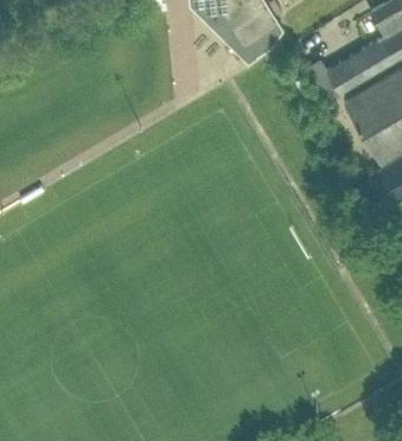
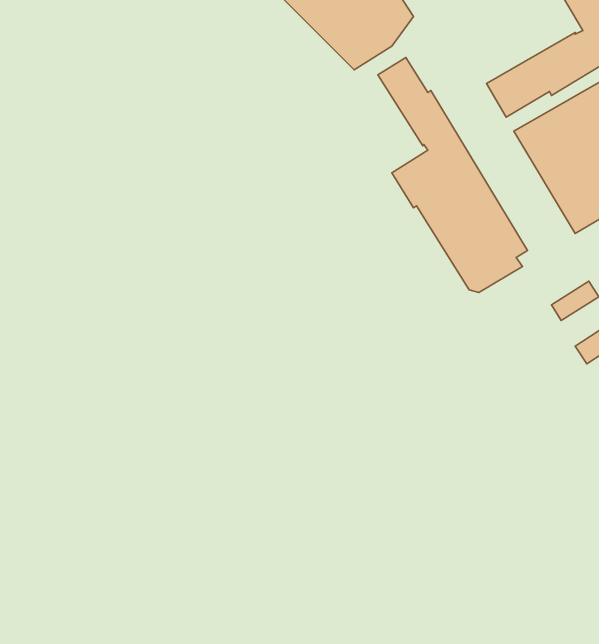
building: none -> [378,57,528,293]

